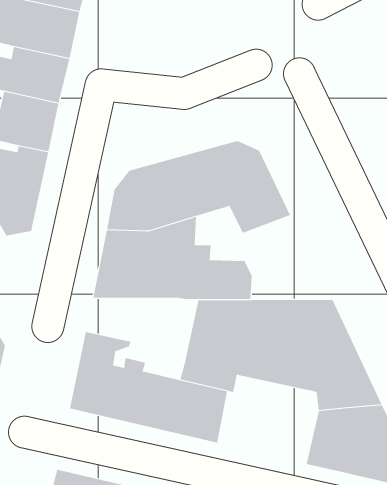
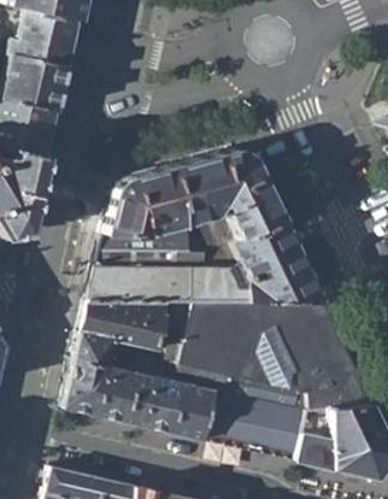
building: none -> [229,219,325,301]
building: none -> [84,300,174,350]
building: none -> [213,375,311,462]

